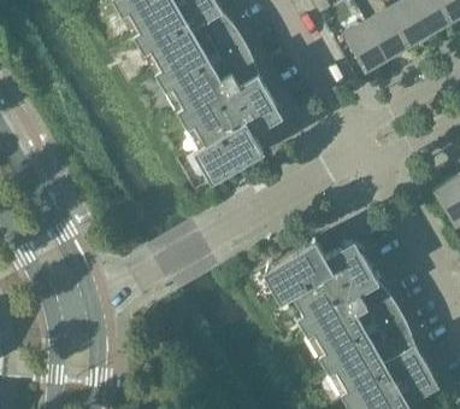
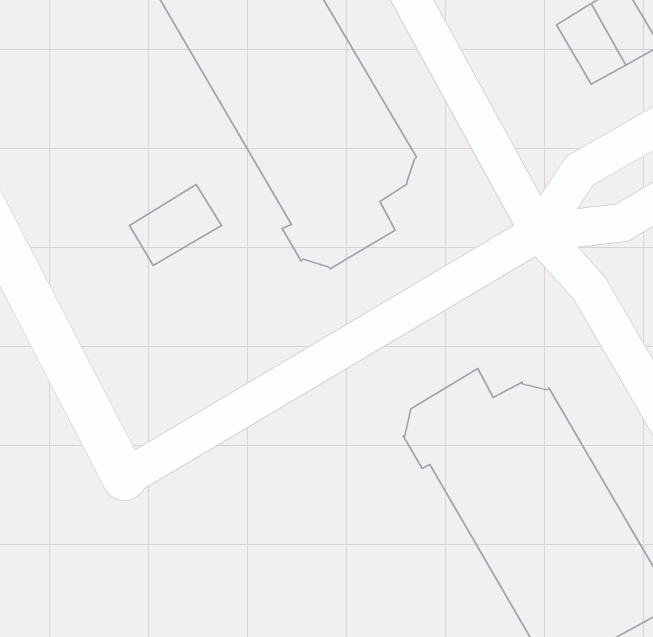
building: [344,21,388,71] -> none
building: none -> [130,184,222,265]

